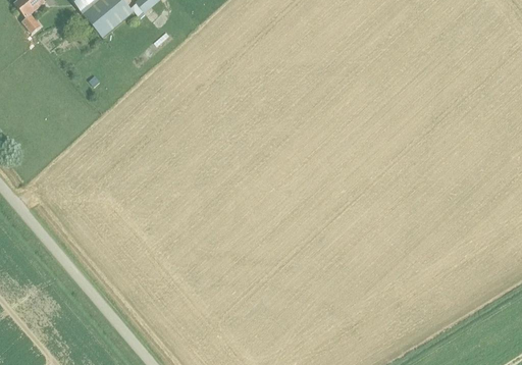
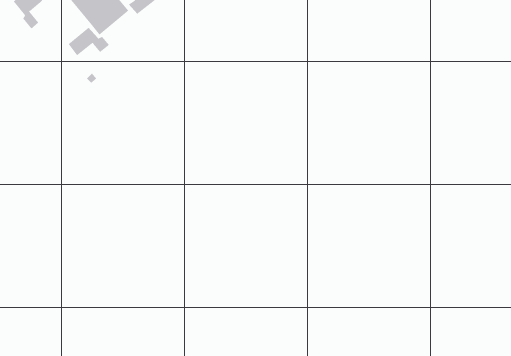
building: none -> [68,27,110,56]

